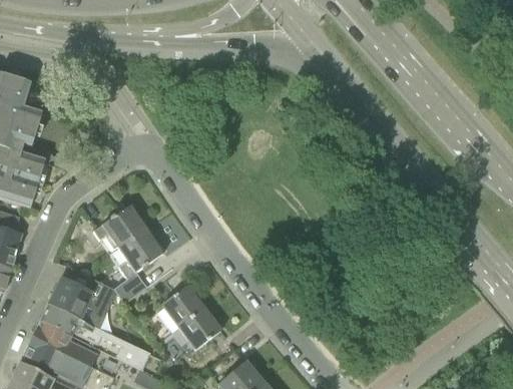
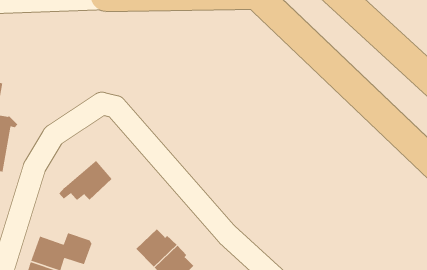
building: [111,228,162,303] -> none

